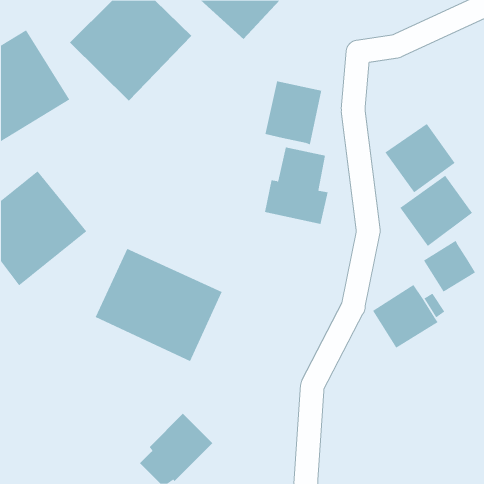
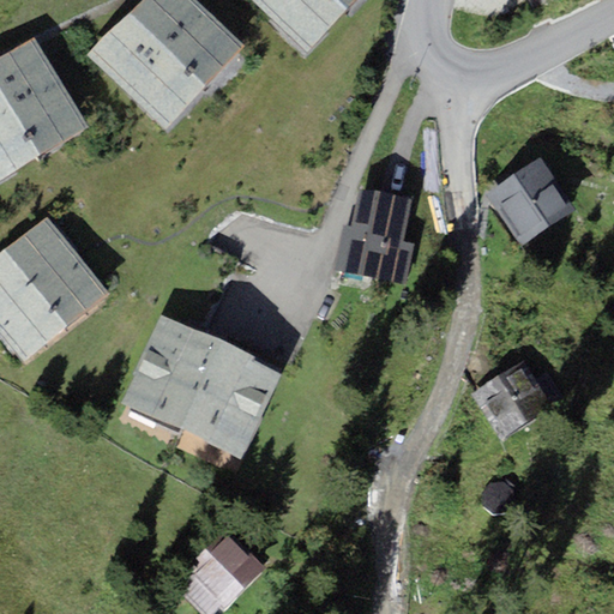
building: [265,80,322,145] -> none
building: [400,175,473,247] -> none
building: [423,240,476,293] -> none

